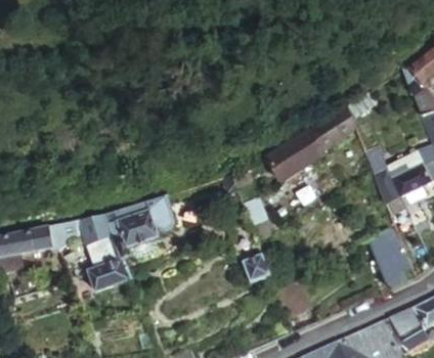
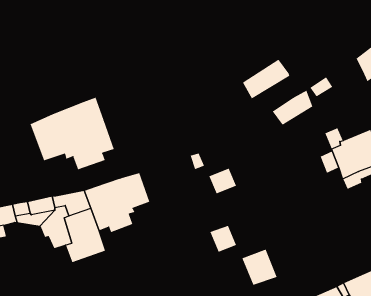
building: none -> [30,97,114,170]
building: [270,129,322,173] -> [242,59,290,99]
building: [371,228,409,282] -> none

